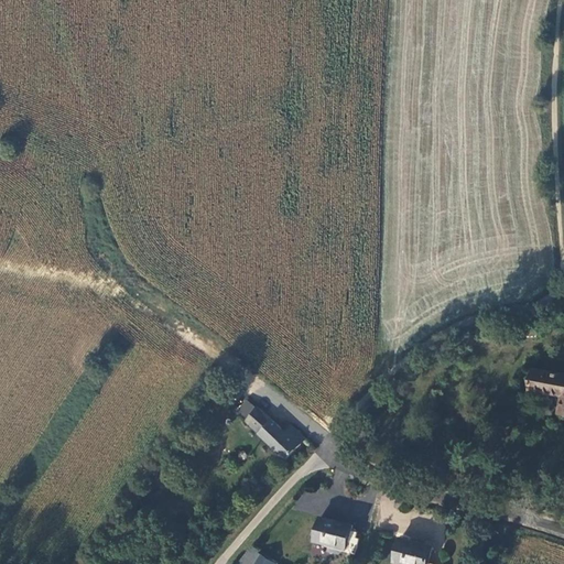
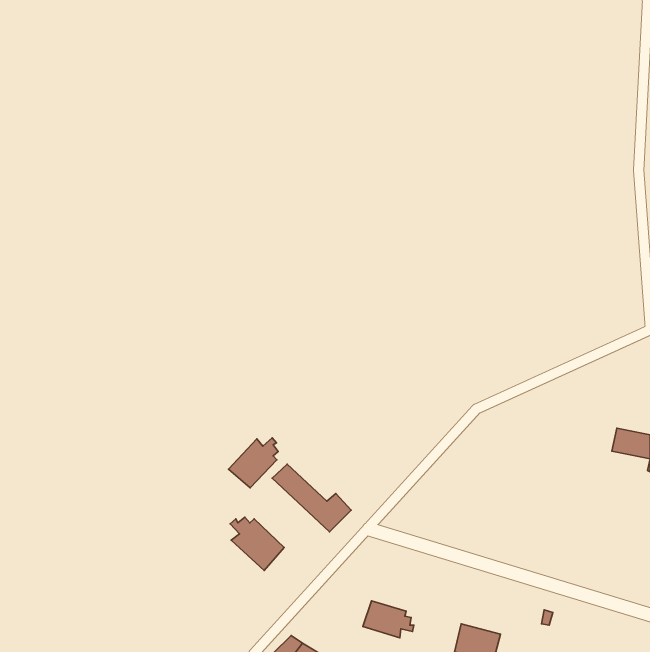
building: none -> [229,438,278,488]
building: none -> [230,517,284,571]

